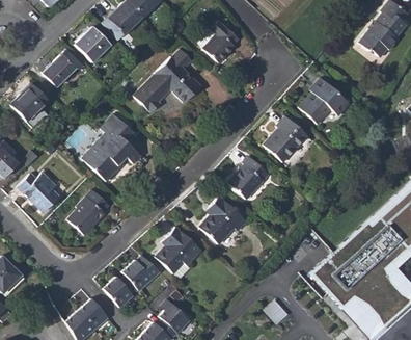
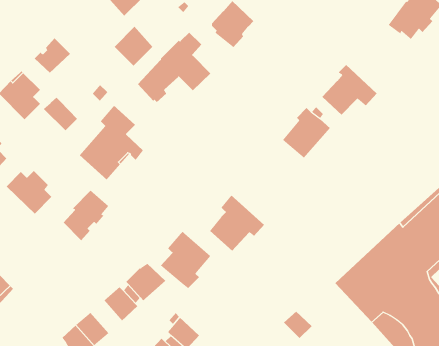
building: [76,26,111,62] -> [114,26,153,67]
building: none -> [43,97,78,131]
building: [228,156,270,200] -> none

